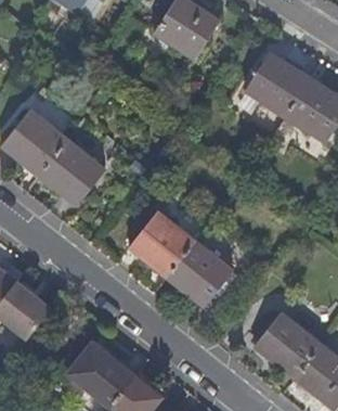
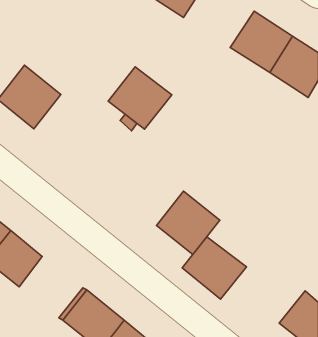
building: [39,140,105,205] -> [108,67,172,129]
building: [129,211,195,277] -> none
building: [255,313,322,378] -> [182,237,246,299]

